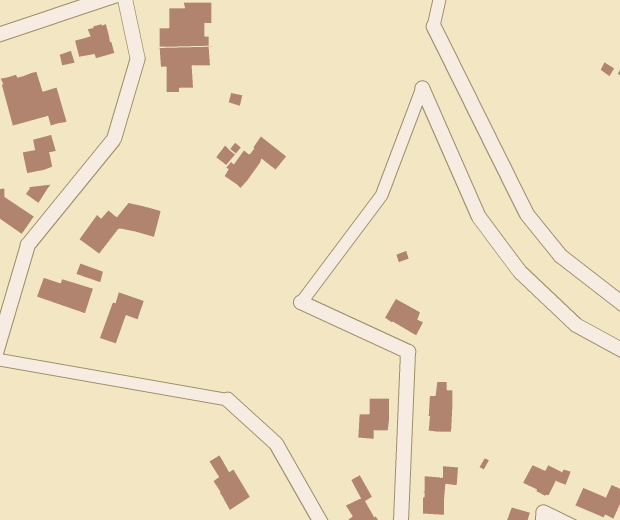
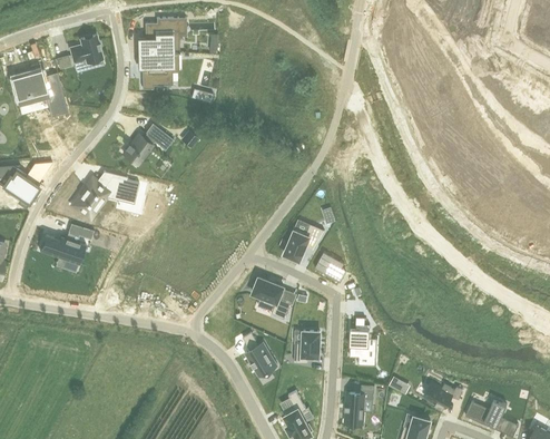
building: [22,134,57,174] -> none
building: [224,135,287,189] -> [122,123,173,165]
building: none -> [283,225,323,261]
building: [99,291,145,344] -> none
building: none -> [252,277,289,319]
building: [208,455,251,511] -> [242,332,275,377]

